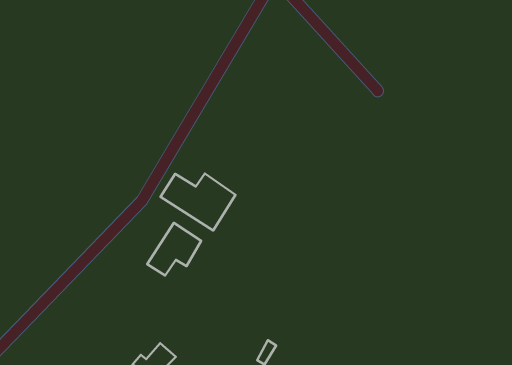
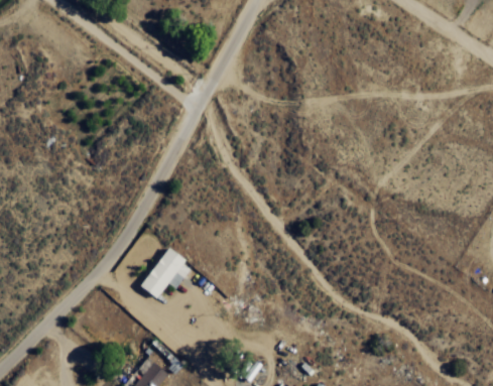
building: [161,173,235,231] -> none

